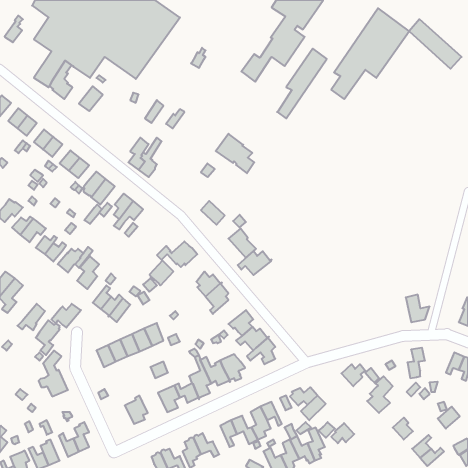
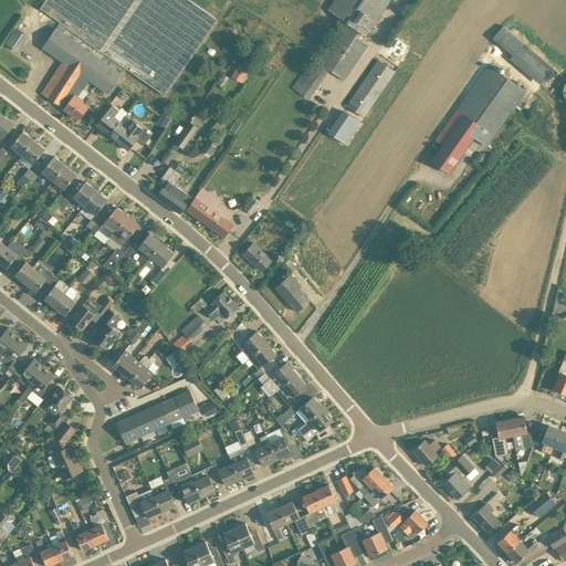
building: [331,8,409,99] -> [431,64,525,174]
building: none -> [107,120,150,150]
building: [216,134,254,173] -> [186,190,232,238]
building: [238,251,272,275] -> [256,363,297,391]
building: [406,295,430,322] -> [509,417,537,450]
building: [51,304,81,328] -> [9,359,44,388]
building: none -> [167,472,202,504]
building: none -> [126,490,163,518]

